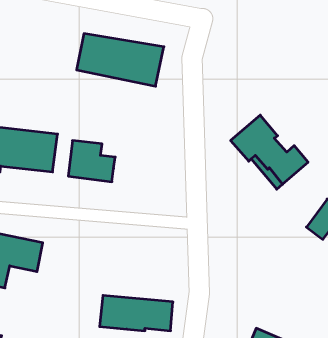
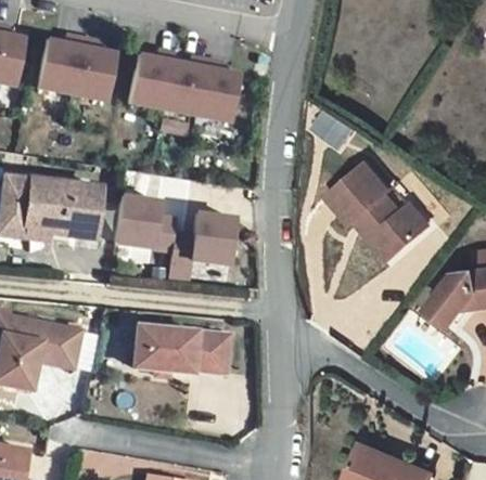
building: none -> [35,38,114,103]
building: none -> [171,211,234,267]
building: [100,295,173,331] -> [133,325,230,372]

